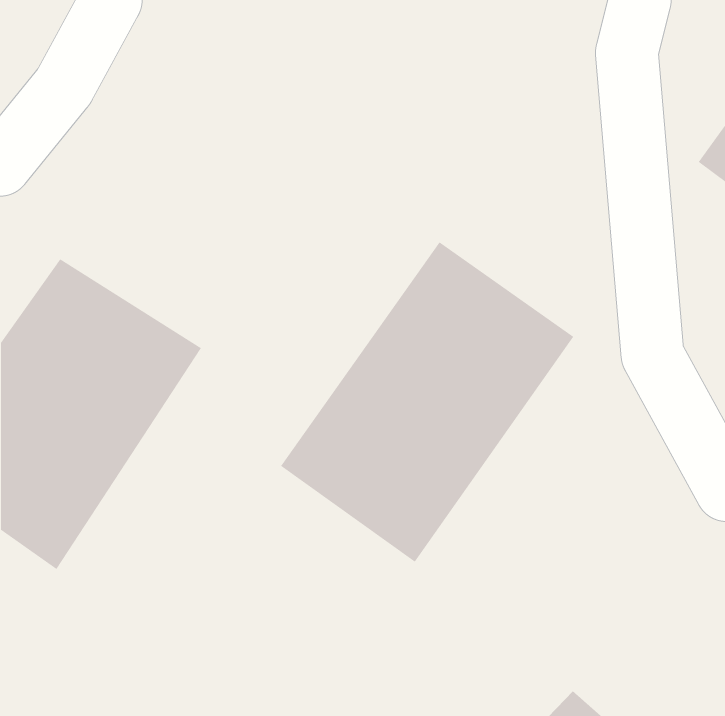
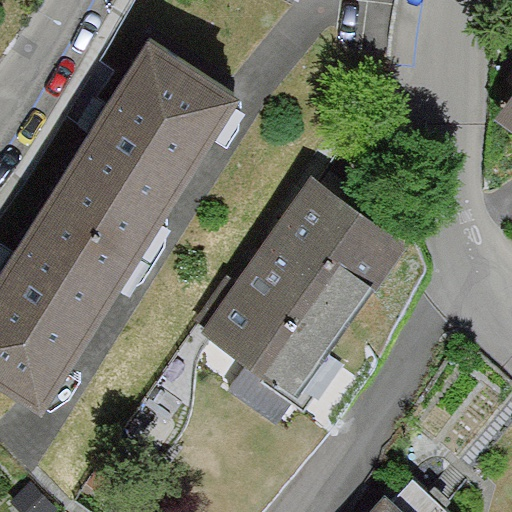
building: none -> [43,43,236,252]

